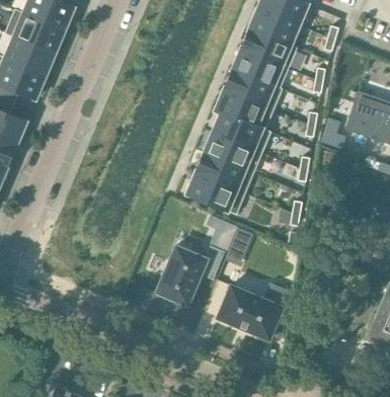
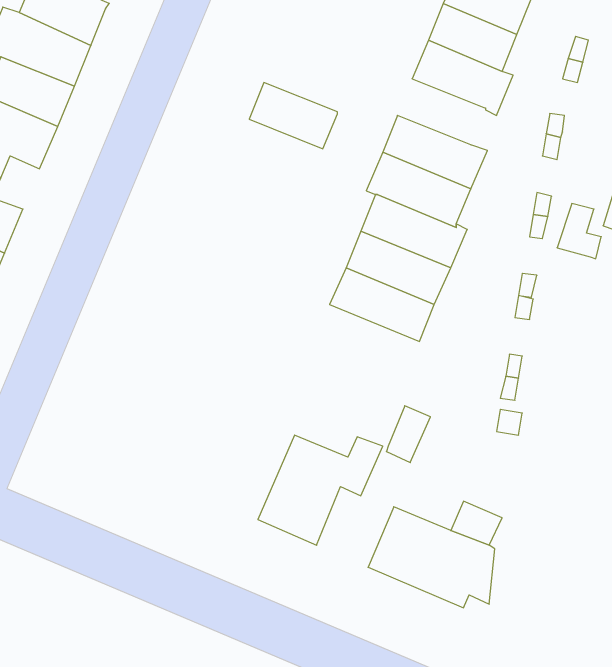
building: [232,50,281,86] -> [249,83,337,149]
building: [186,174,244,215] -> none
building: [206,216,237,252] -> none

